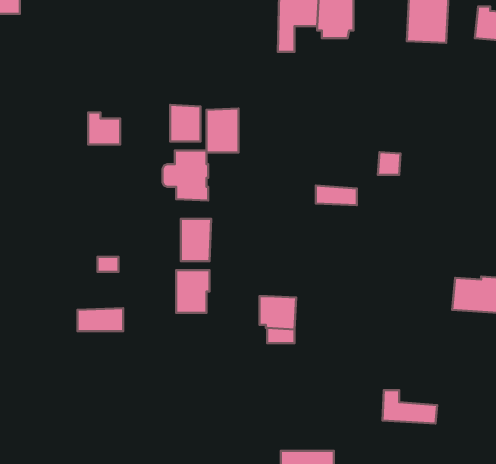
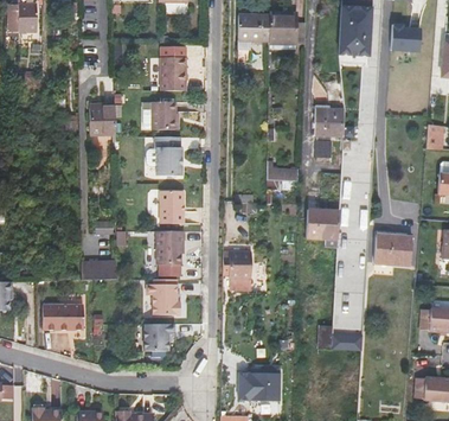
building: [207,108,238,152] -> [161,57,186,91]
building: none -> [314,109,342,135]
building: none -> [304,210,338,245]
building: none -> [146,279,179,314]
building: none -> [43,305,83,330]
building: none -> [143,325,174,352]

